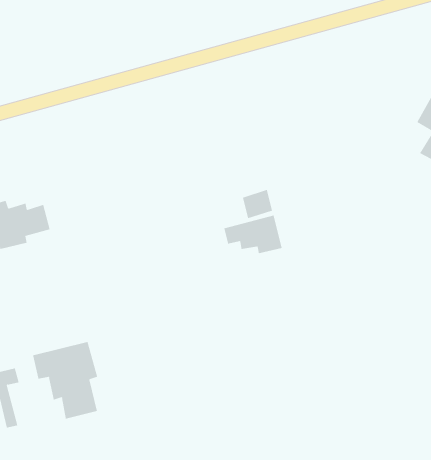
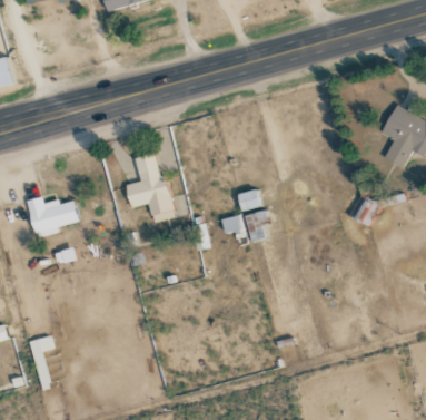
building: none -> [126,152,174,222]
building: [32,341,98,419] -> none

